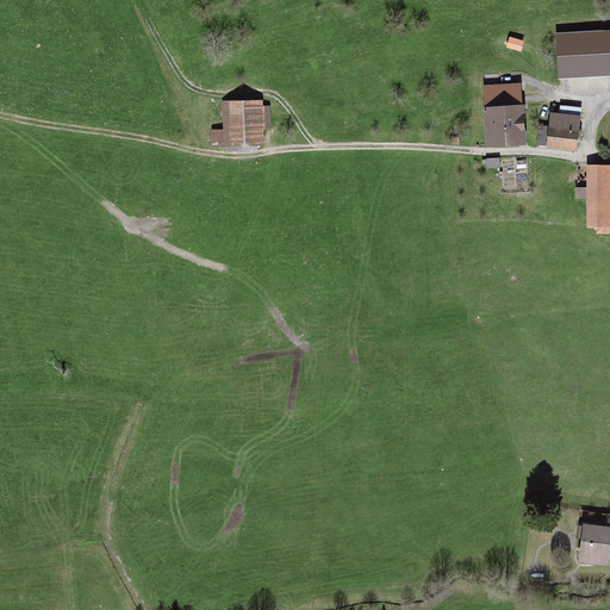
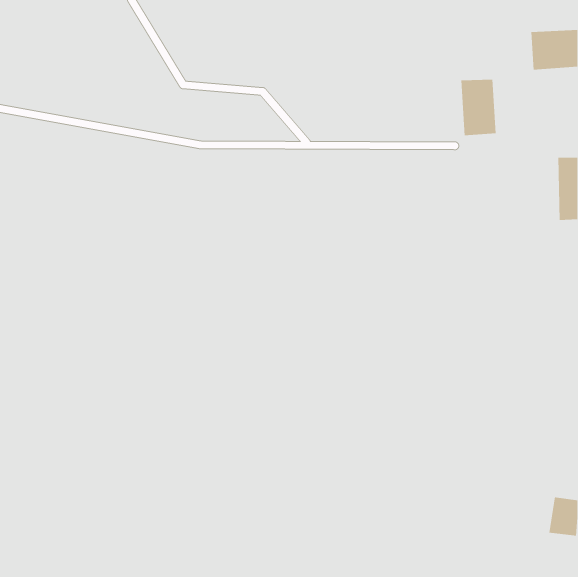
building: [224,99,263,145] -> none
building: [548,105,577,148] -> none

